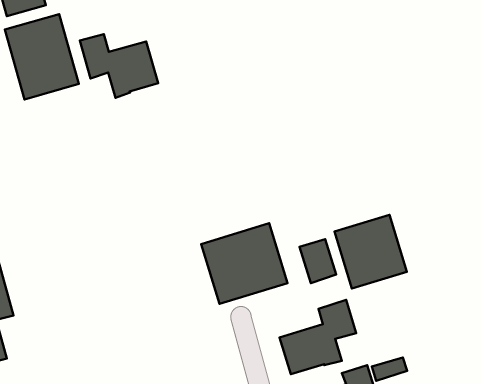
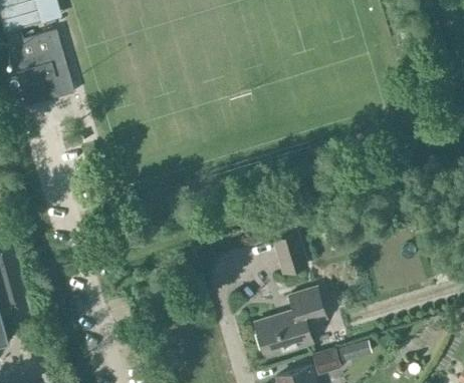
building: [80,34,158,98] -> none
building: [335,215,407,288] -> none
building: [201,223,288,304] -> none

